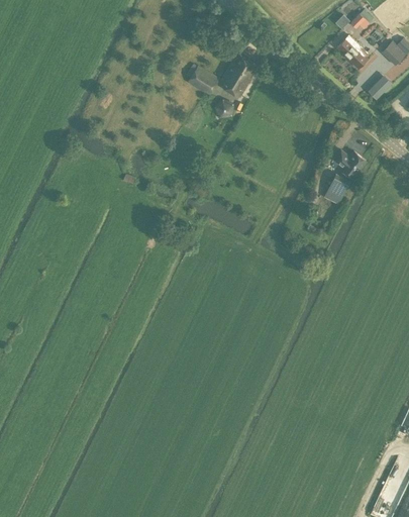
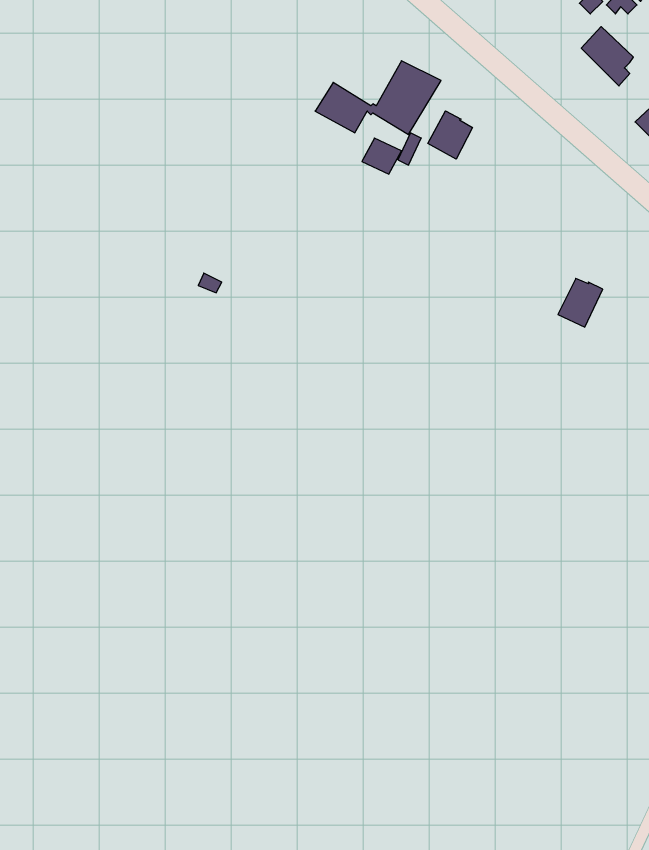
building: none -> [428,111,472,159]
building: [333,150,366,177] -> none

